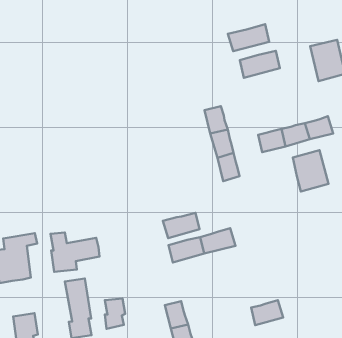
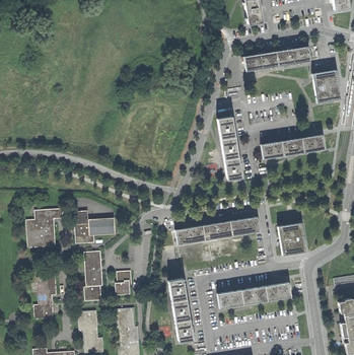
building: [240,51,280,78] -> [276,46,309,66]
building: [293,150,329,191] -> [278,222,306,256]
building: [163,213,200,238] -> [229,217,260,236]
building: none -> [264,282,291,301]
building: none -> [216,290,242,309]

